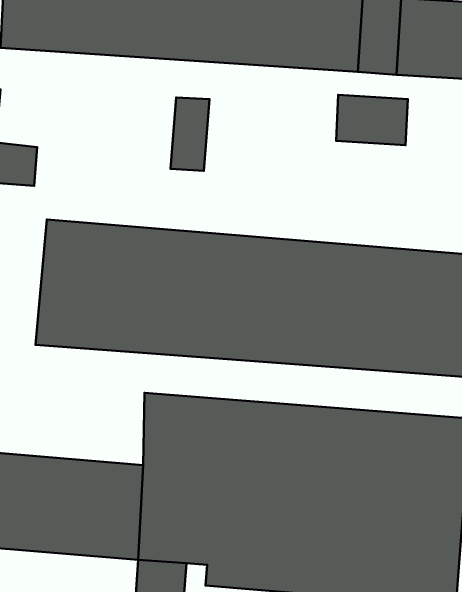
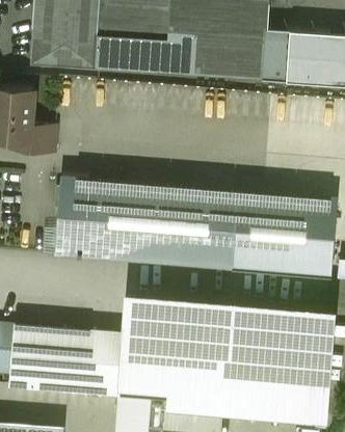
building: [336,95,408,145] -> none
building: [171,97,210,171] -> none

